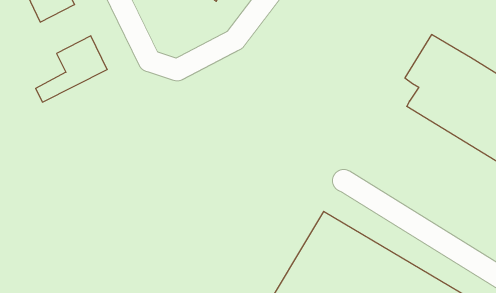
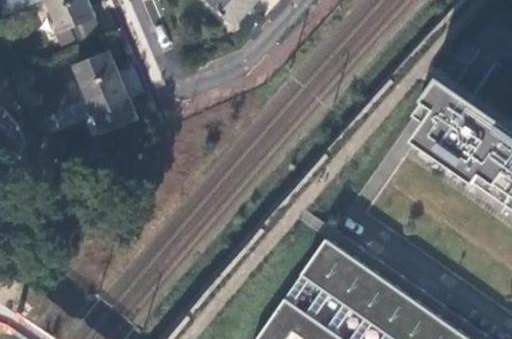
building: none -> [43,85,136,133]

